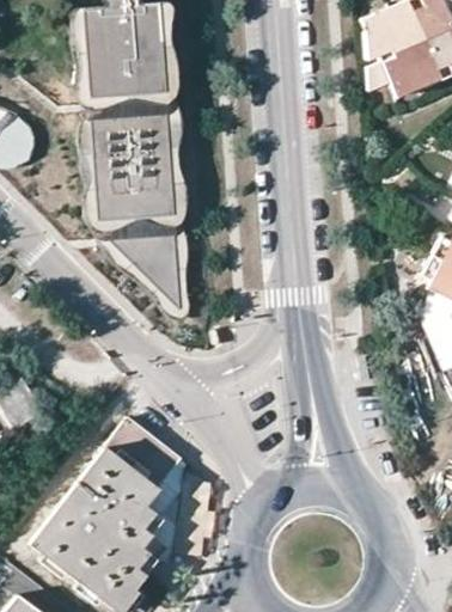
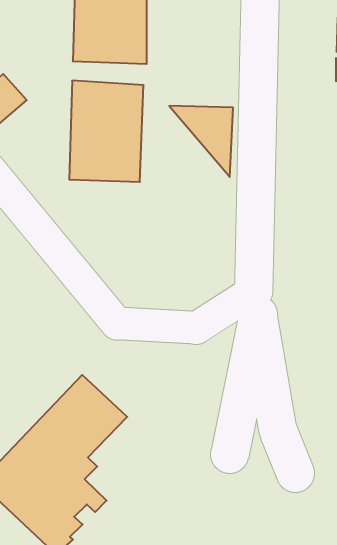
building: [109,234,179,307] -> [169,106,233,177]

